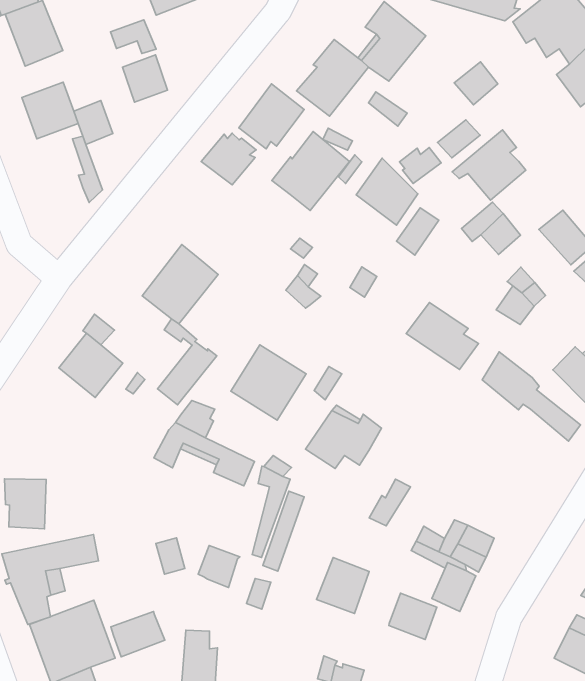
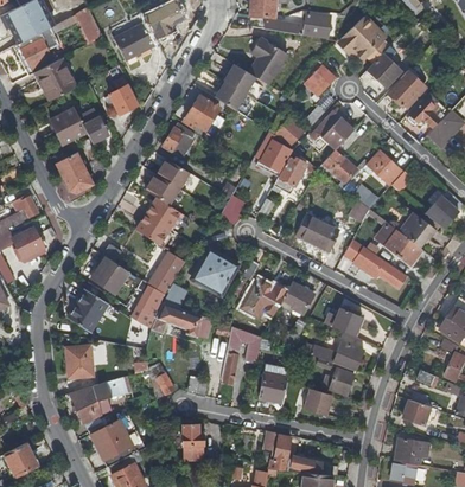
building: [272,131,349,211] -> [144,156,189,204]
building: none -> [56,152,95,191]
building: none -> [66,288,107,331]
building: none -> [130,284,163,326]
building: none -> [281,282,317,314]
building: none -> [325,309,363,337]
building: [111,612,165,657] -> none

